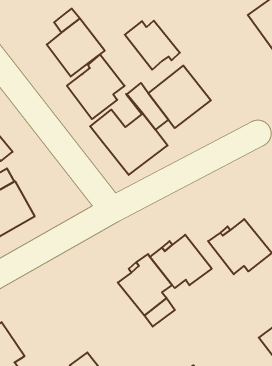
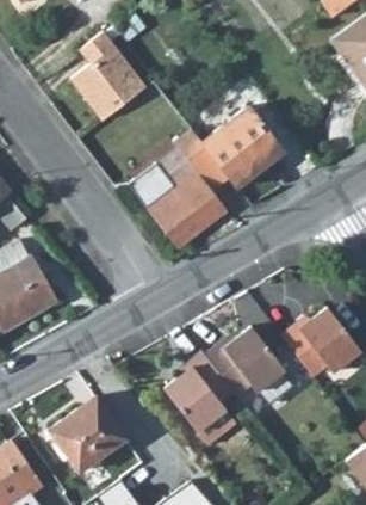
building: [125,21,180,70] -> none
building: [67,54,125,119] -> none
building: none -> [48,396,125,473]

